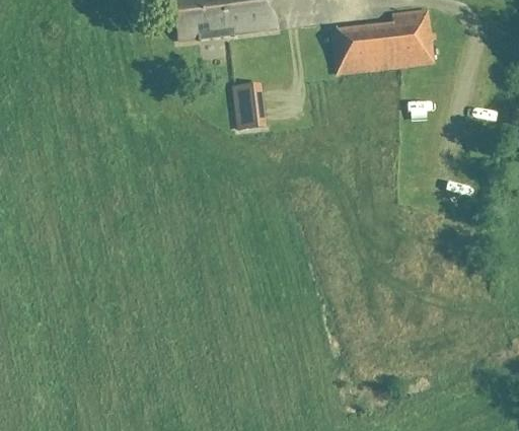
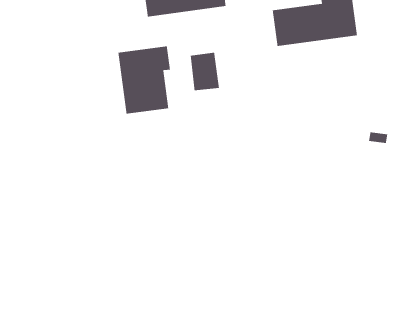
building: none -> [118,46,171,115]

